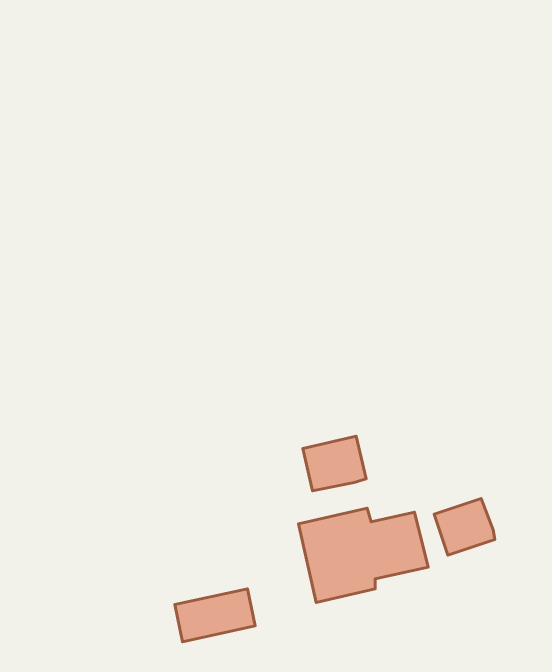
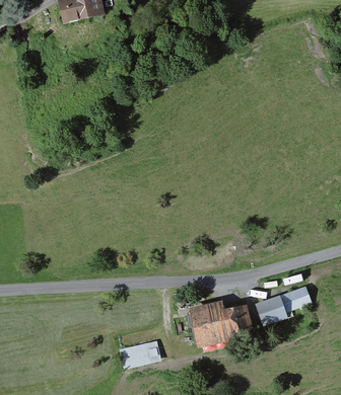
building: [303,436,366,491] -> none
building: none -> [279,286,311,311]

